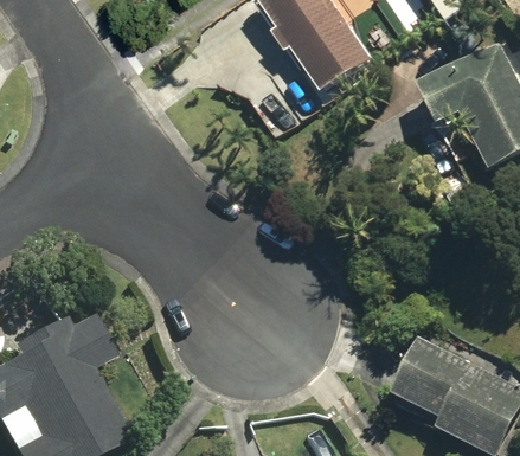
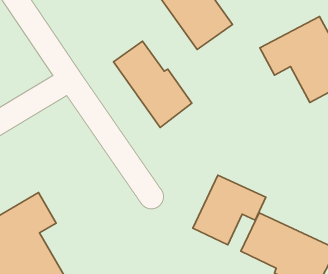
building: none -> [114,41,192,127]
building: none -> [193,175,266,245]

